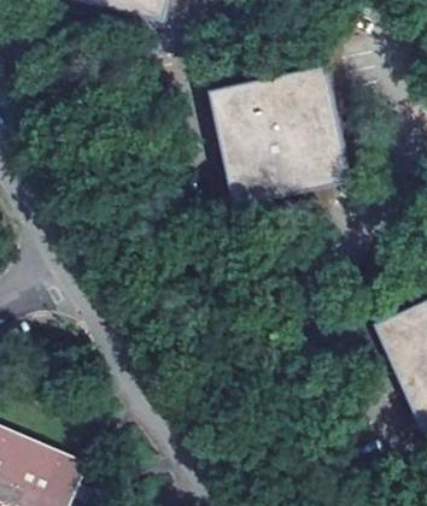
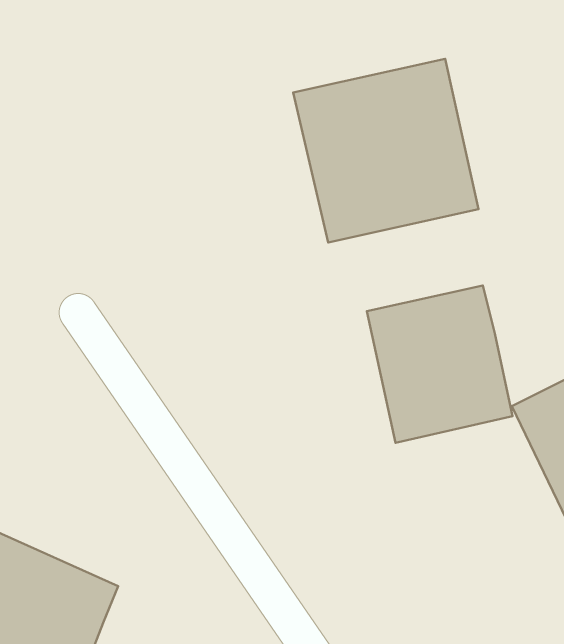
building: none -> [367,285,512,443]

